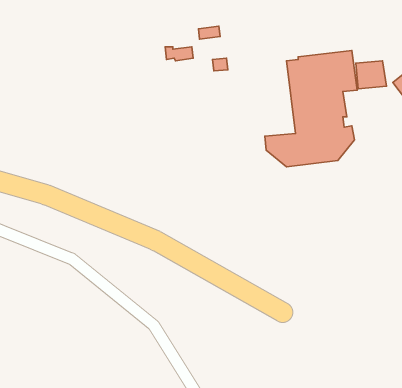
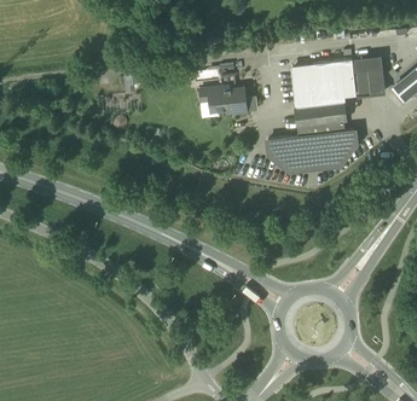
building: none -> [199,85,248,111]

